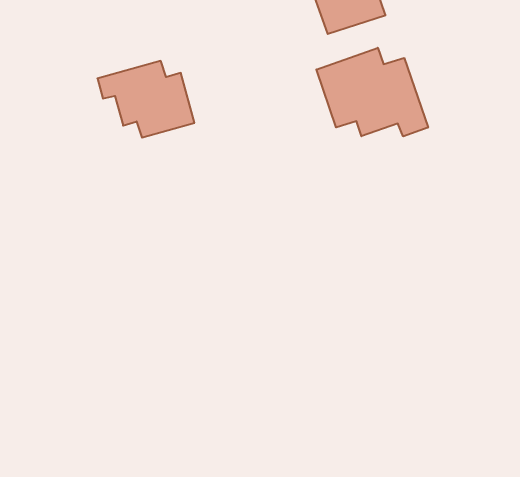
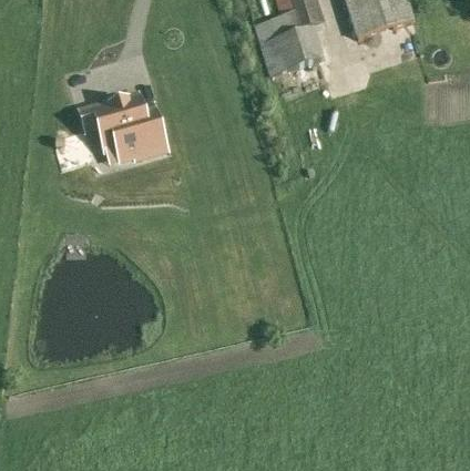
building: [316,48,428,136] -> none

